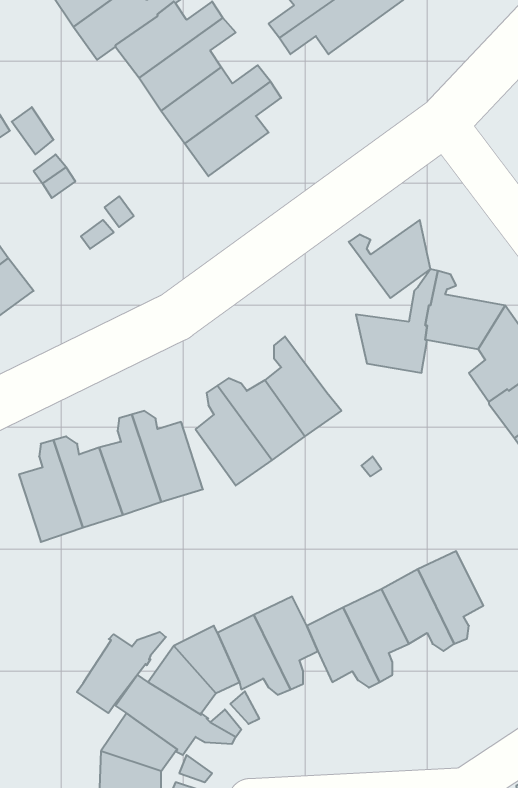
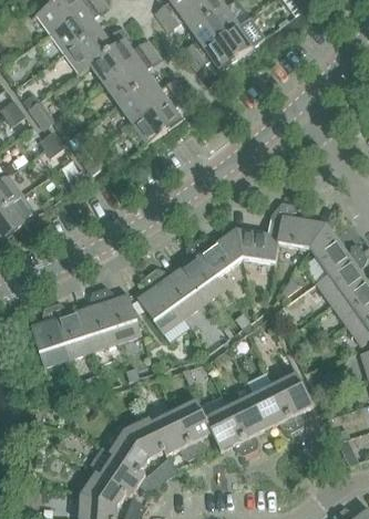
building: [349,220,431,298] -> [192,229,242,277]
building: [77,632,166,713] -> none

